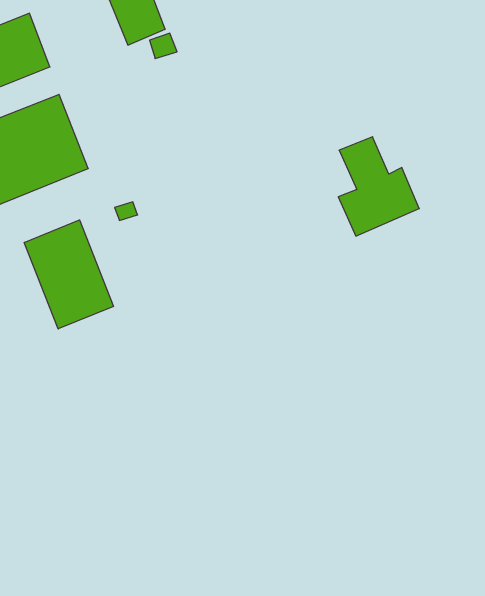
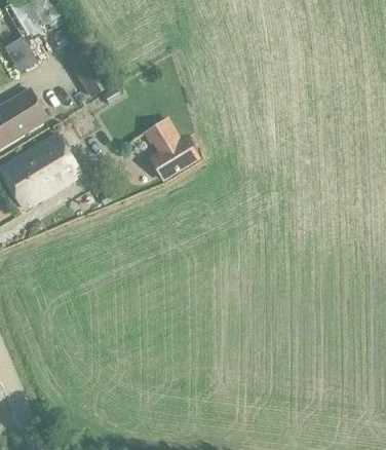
building: [338,137,419,236] -> [147,119,200,180]
building: [24,220,114,329] -> none

